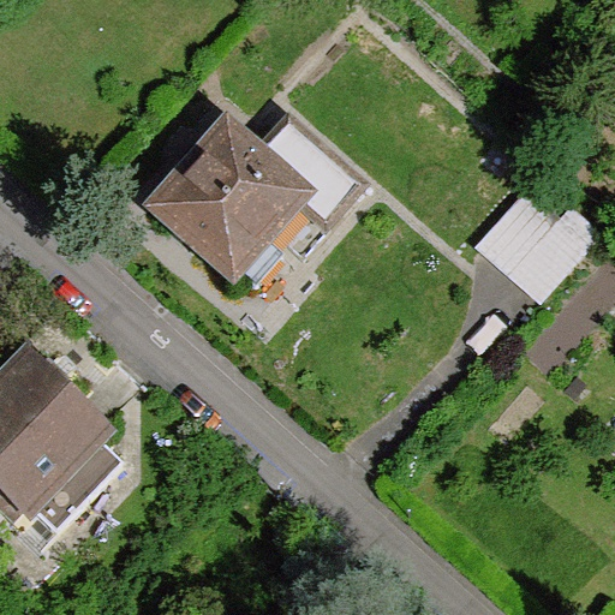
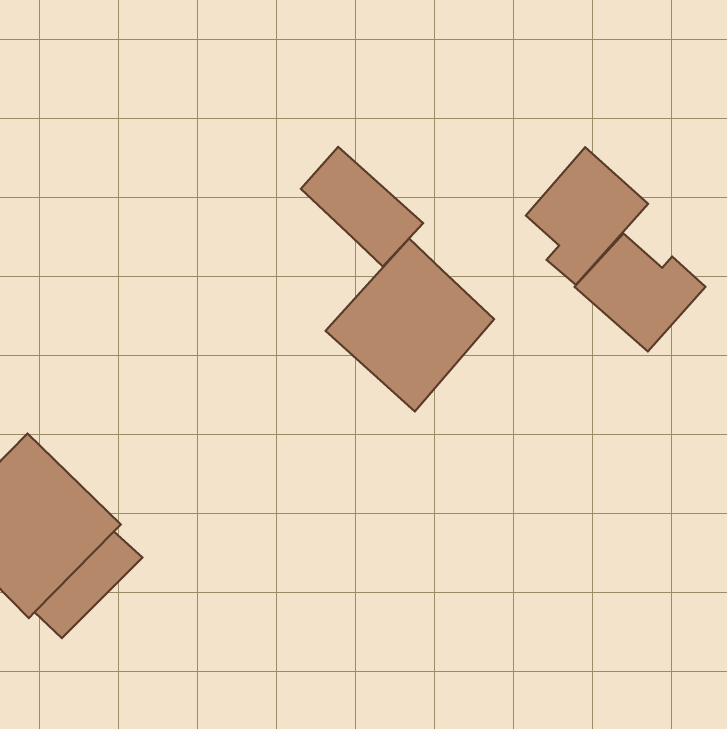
building: none -> [526,147,648,285]
building: [154,131,294,275] -> [326,238,494,411]

